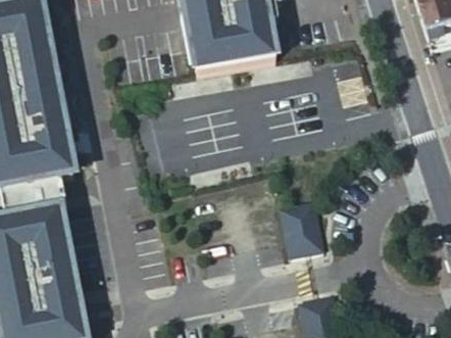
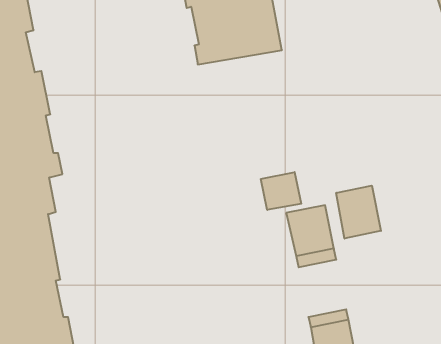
building: none -> [261,172,301,210]
building: none -> [336,186,381,239]

